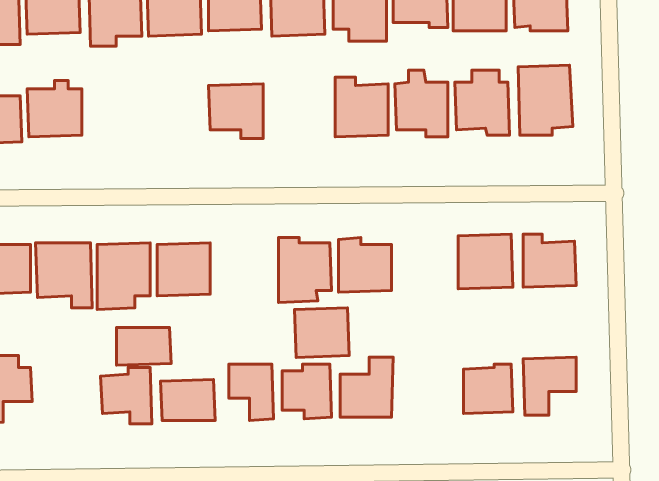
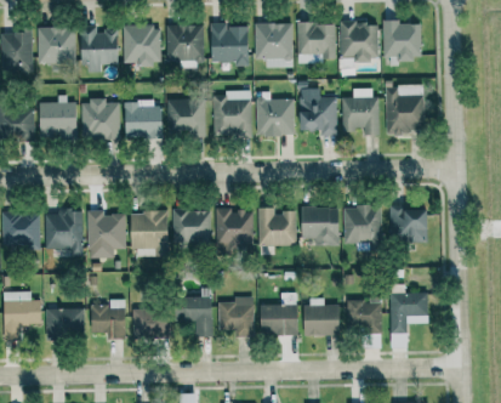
building: none -> [212,92,252,137]
building: none -> [81,101,119,140]
building: none -> [124,101,160,137]
building: none -> [301,206,338,246]
building: [295,308,349,357] -> [172,209,211,244]
building: [116,328,171,365] -> [46,308,85,335]
building: none -> [304,299,340,335]

